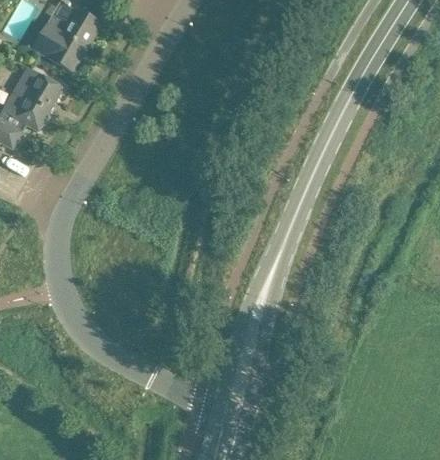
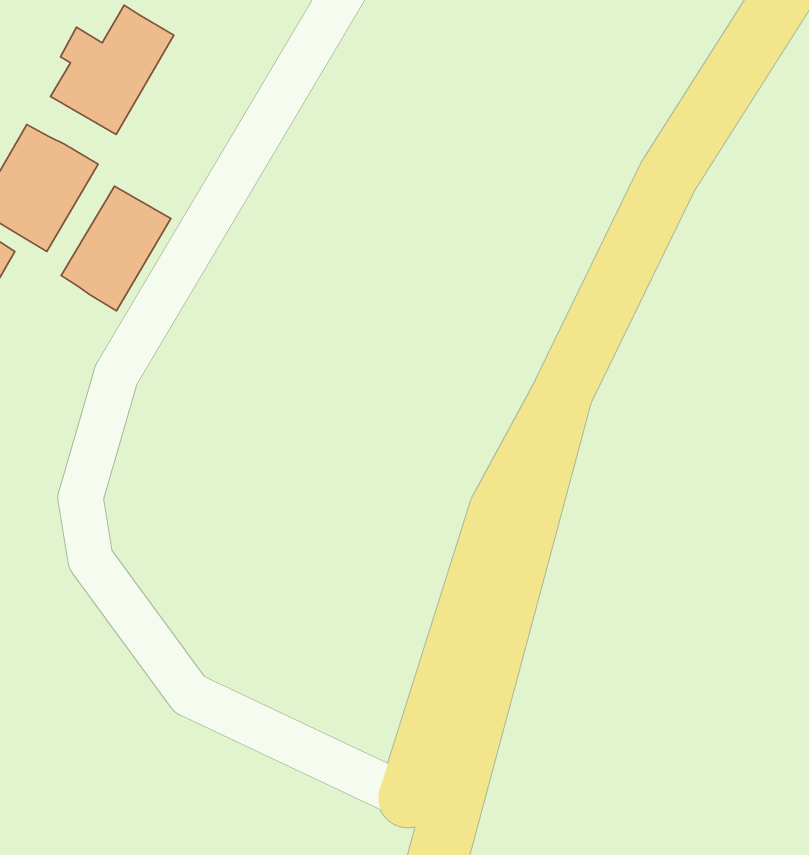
building: none -> [61,186,171,311]

